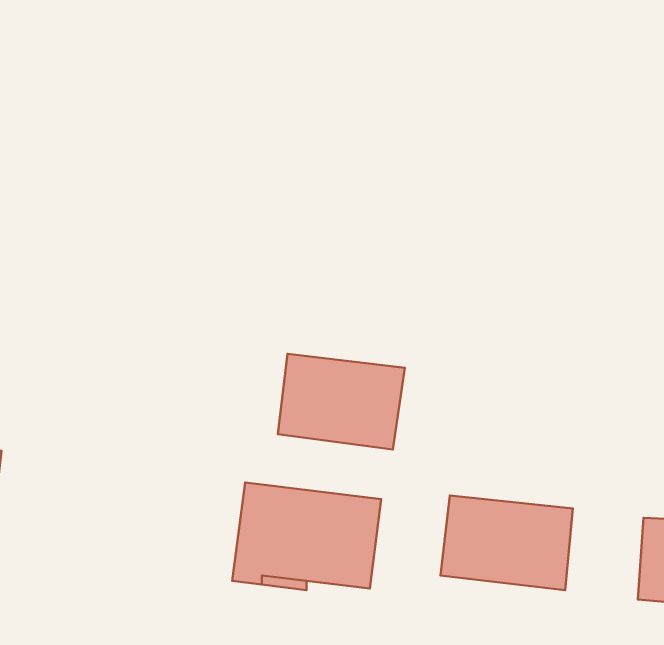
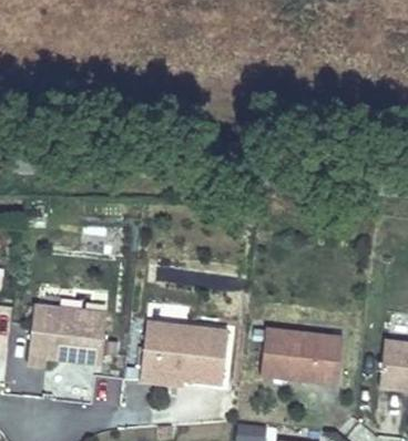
building: [278,354,405,450] -> none
building: none -> [27,304,106,365]

